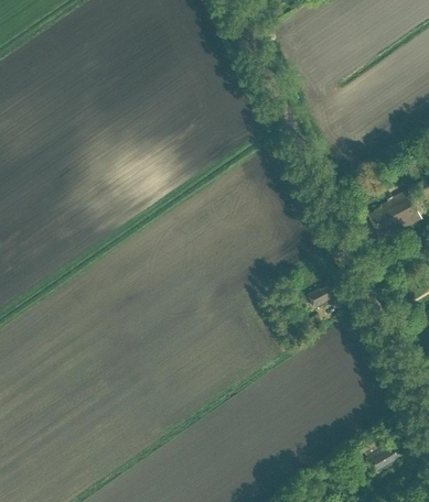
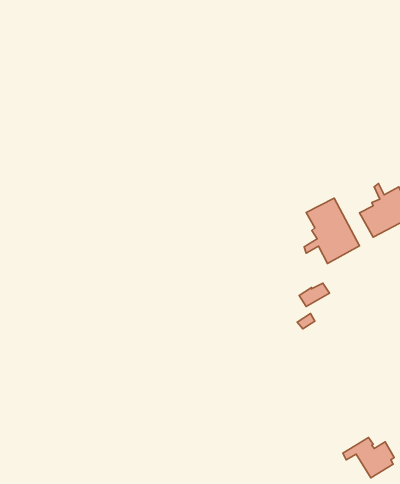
building: none -> [304,198,359,264]

